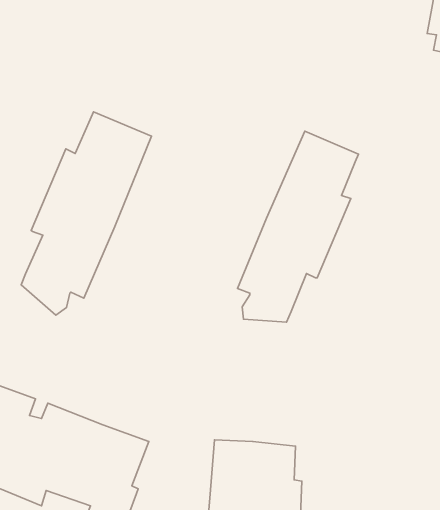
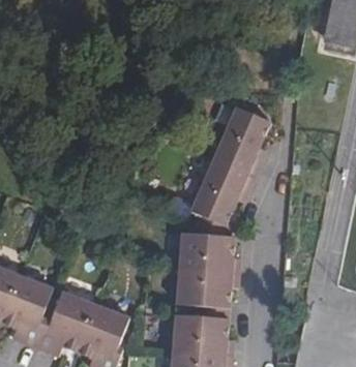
building: [21,112,152,315] -> none
building: none -> [174,232,239,317]

